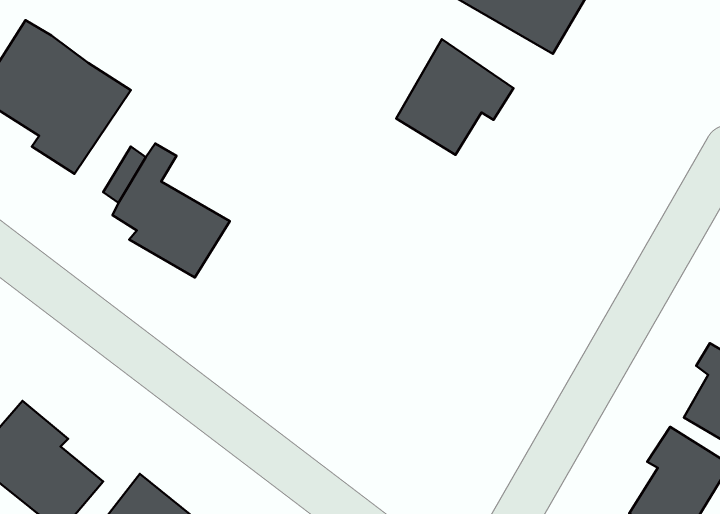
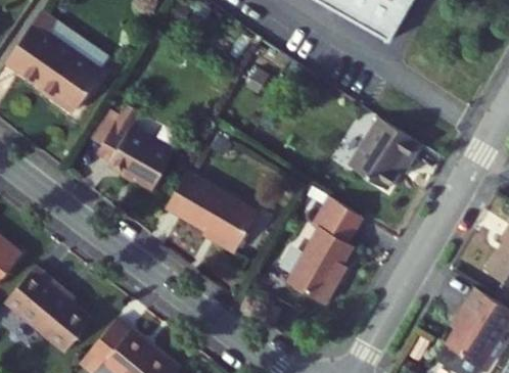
building: [396,39,513,155] -> [336,110,415,188]
building: none -> [165,174,255,255]
building: none -> [285,194,361,305]

